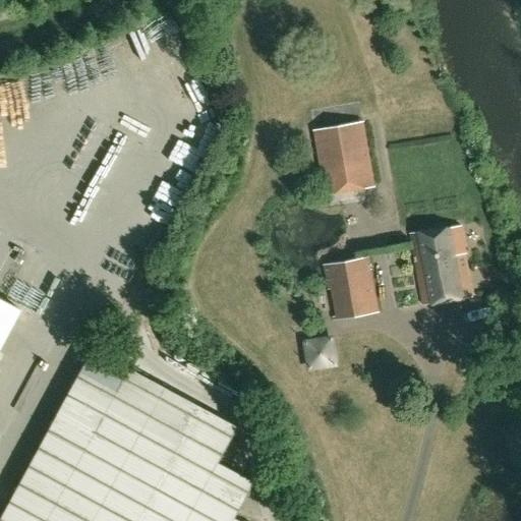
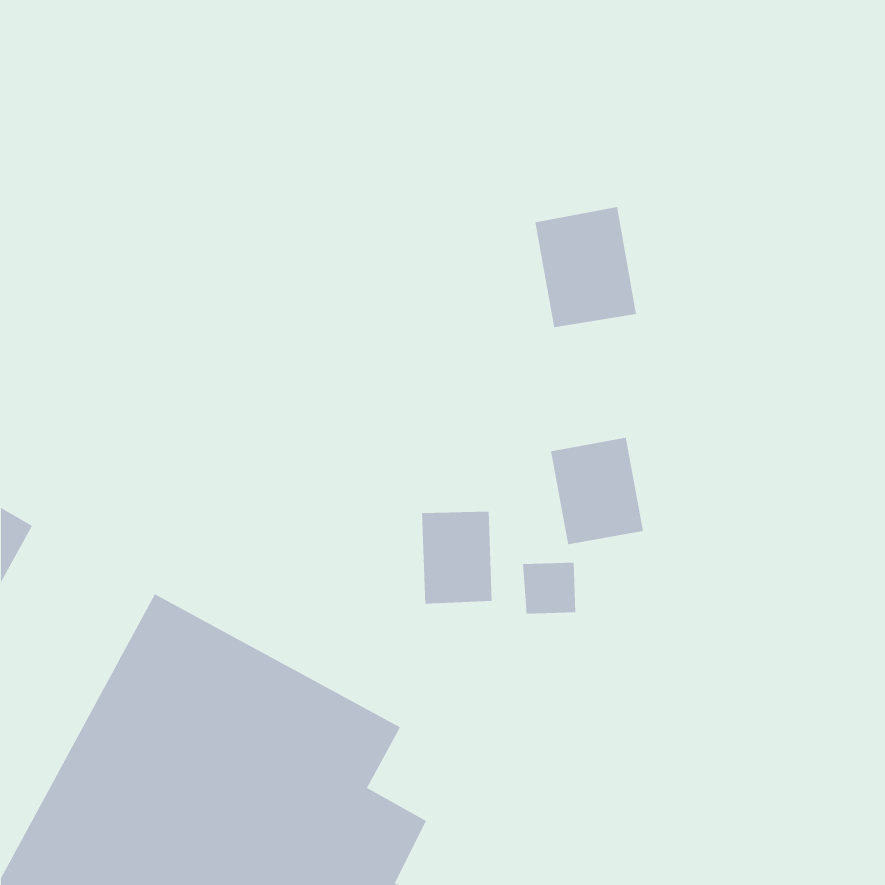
building: [410,226,470,306] -> none
building: none -> [422,511,492,605]

